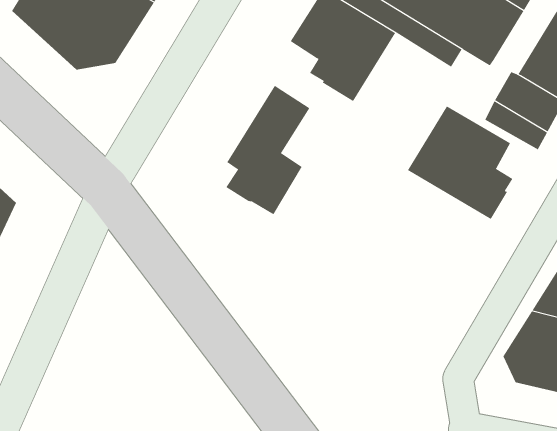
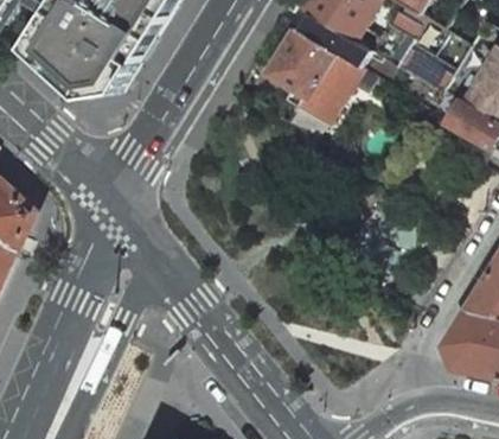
building: [225,85,310,215] -> none
building: [407,106,513,220] -> none

